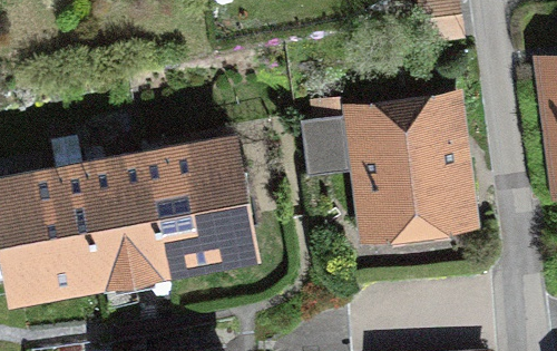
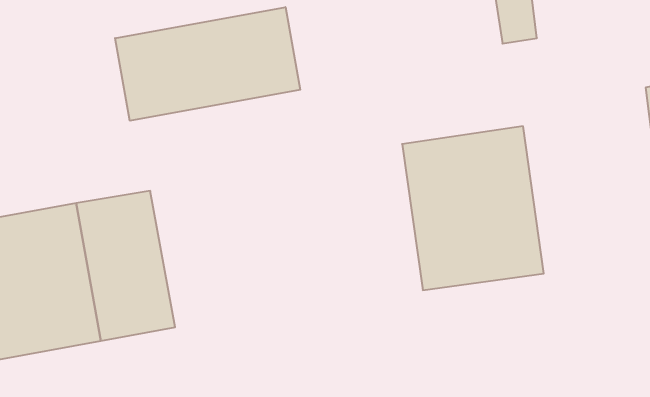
building: none -> [115,7,300,121]
building: [150,142,255,267] -> none

